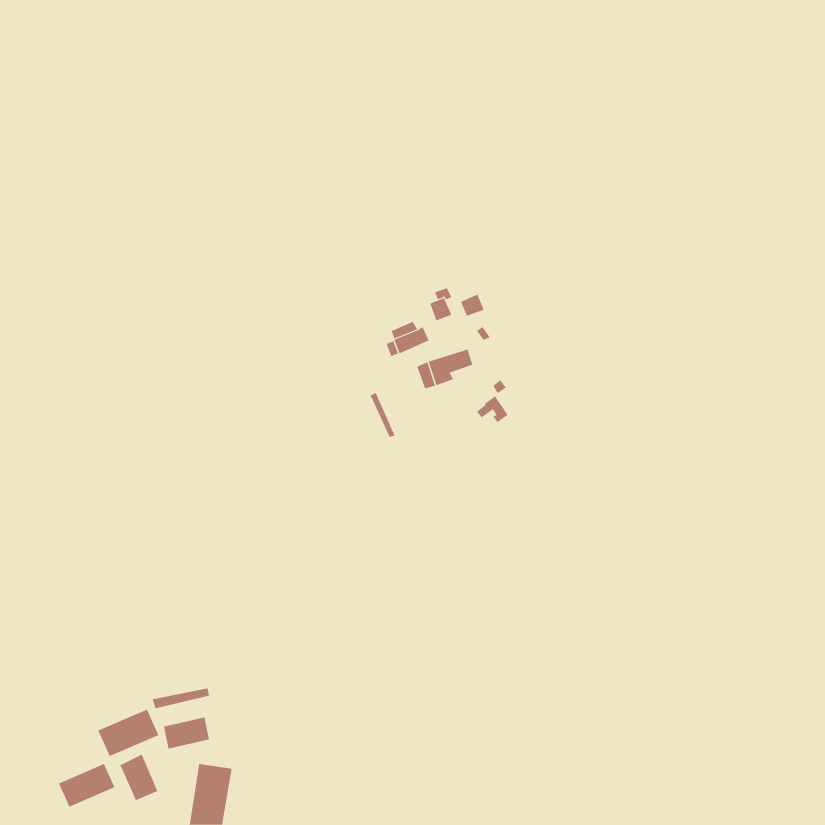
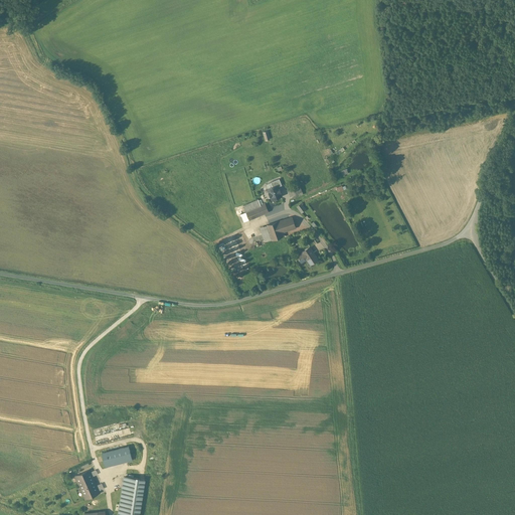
building: [97,709,159,757] -> none
building: [58,763,115,807] -> none

